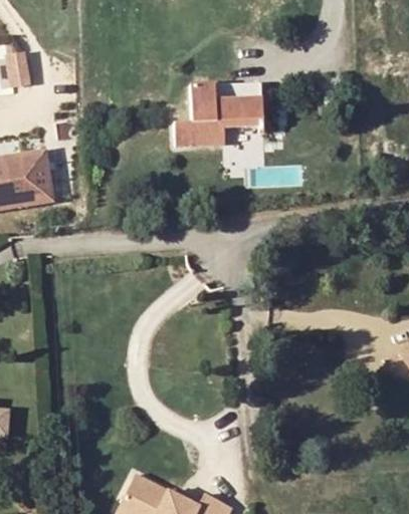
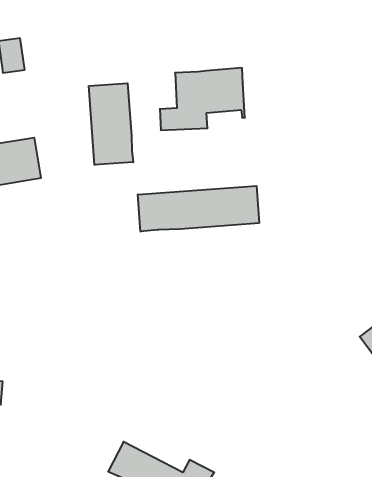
building: none -> [89,83,133,165]
building: none -> [138,186,259,232]

